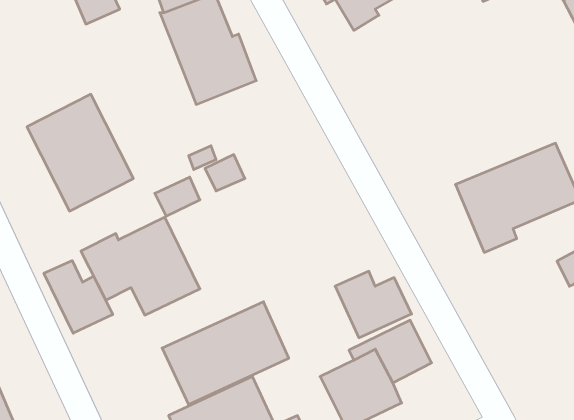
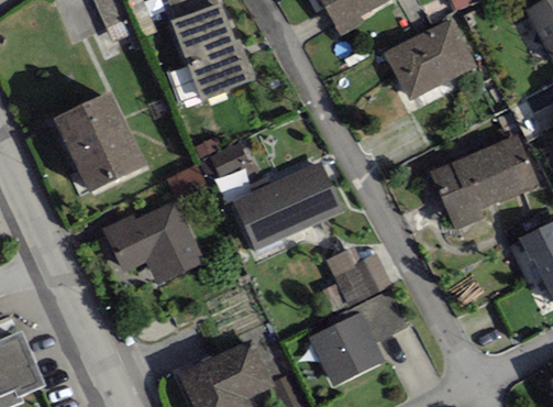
building: none -> [383,19,476,101]
building: [44,261,113,333] -> none
building: [162,302,289,405] -> [232,161,343,251]

